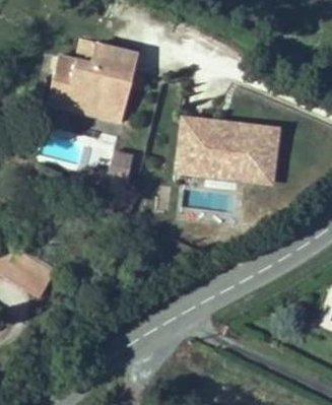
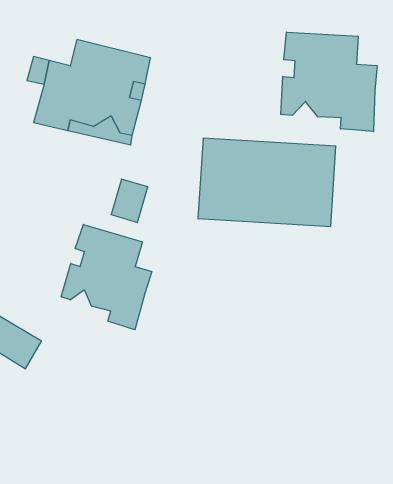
building: none -> [281,32,377,132]
building: none -> [61,224,152,330]

